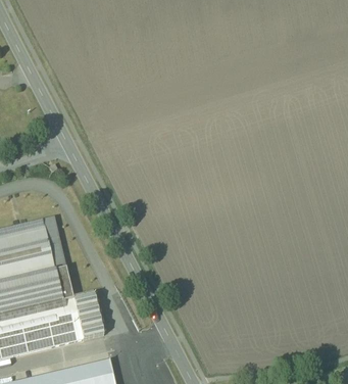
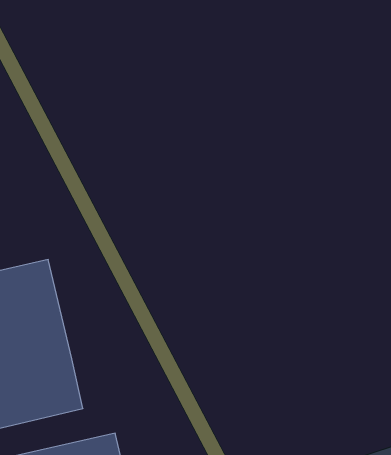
building: [73,294,104,340] -> none

